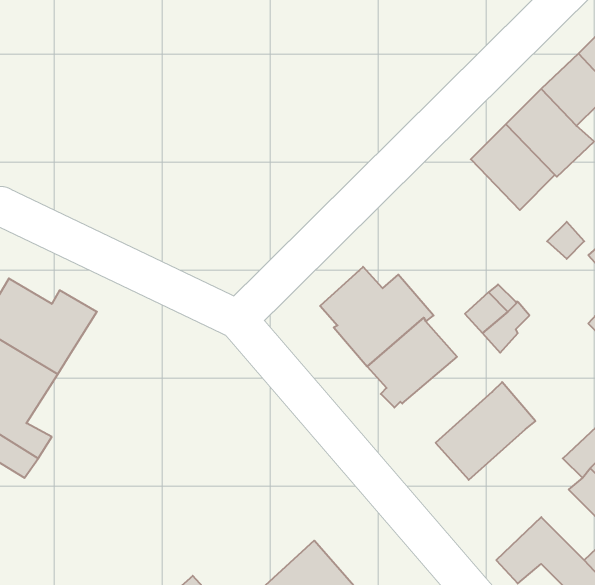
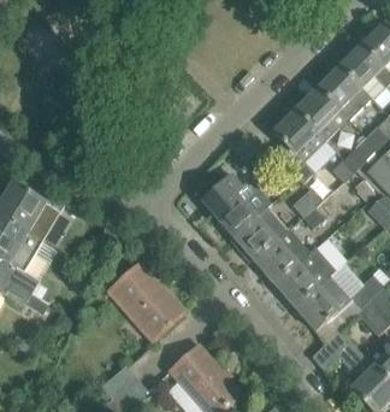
building: none -> [271,108,325,183]
building: none -> [253,229,308,283]
building: none -> [110,263,183,339]
building: none -> [294,275,350,330]

